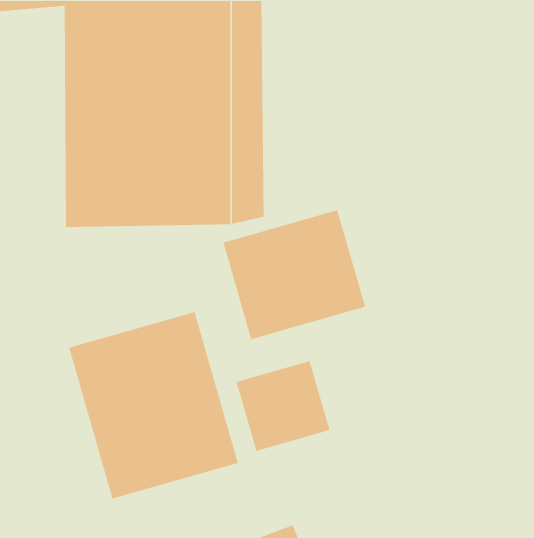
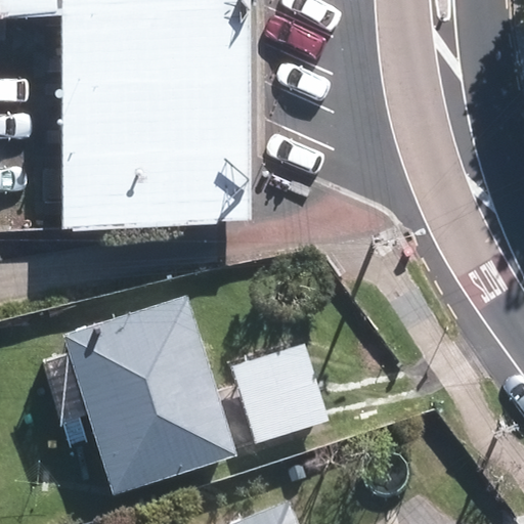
building: [222,209,366,340] -> none

